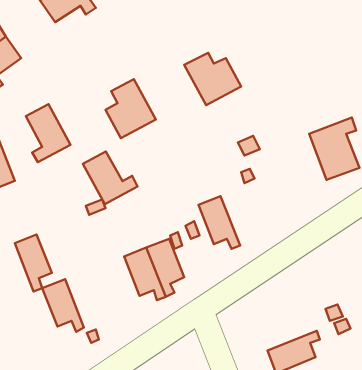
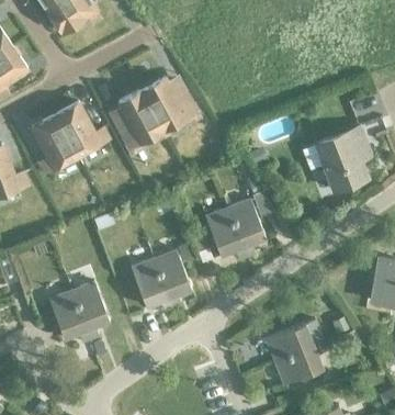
building: [184,53,241,105] -> [140,78,198,131]
building: [83,152,138,204] -> [55,103,110,156]
building: none -> [227,199,266,257]
building: [15,234,52,291] -> [71,282,109,339]
building: none -> [266,324,324,362]

